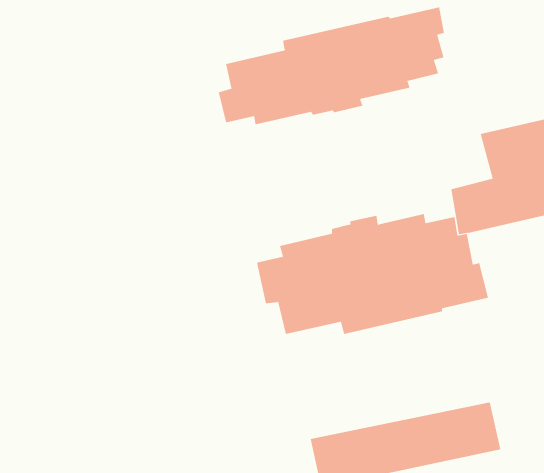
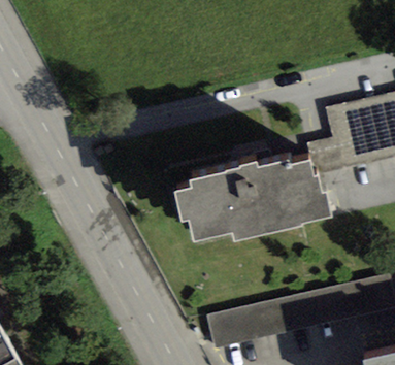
building: [218,6,445,125] -> none

